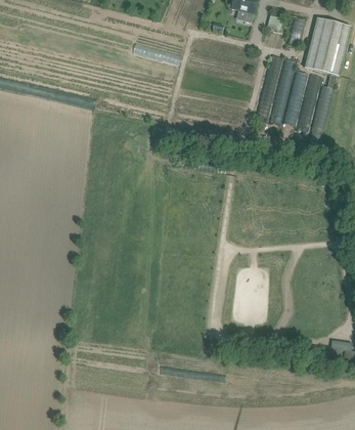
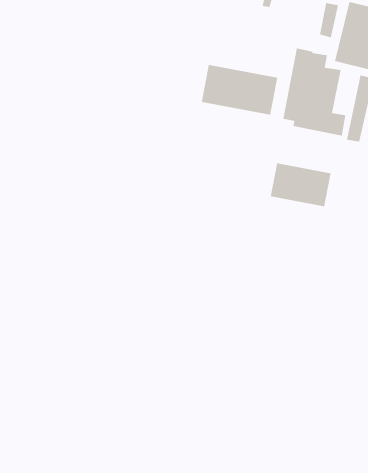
building: none -> [201,64,278,116]
building: none -> [270,162,331,207]

